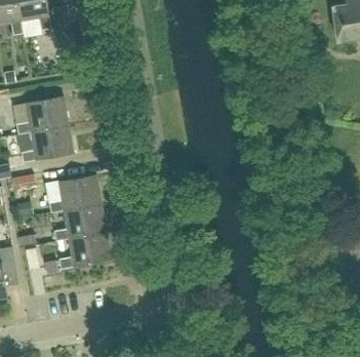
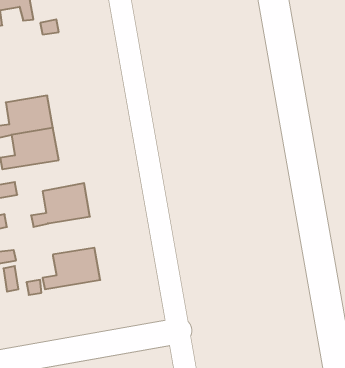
building: [54,204,106,241] -> none

